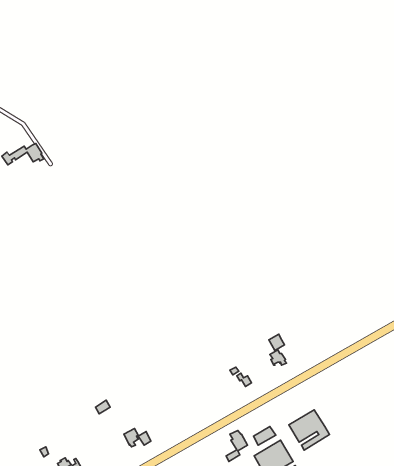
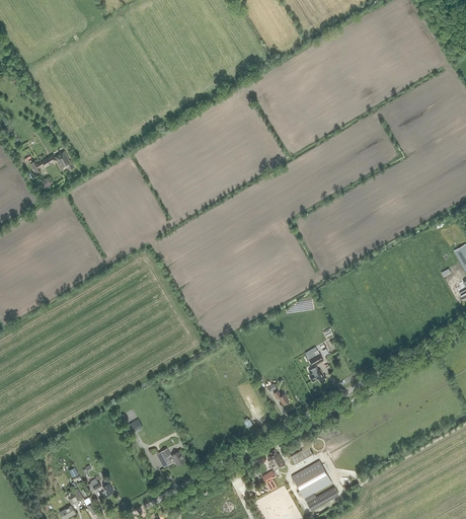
building: [289,410,330,450] -> none

